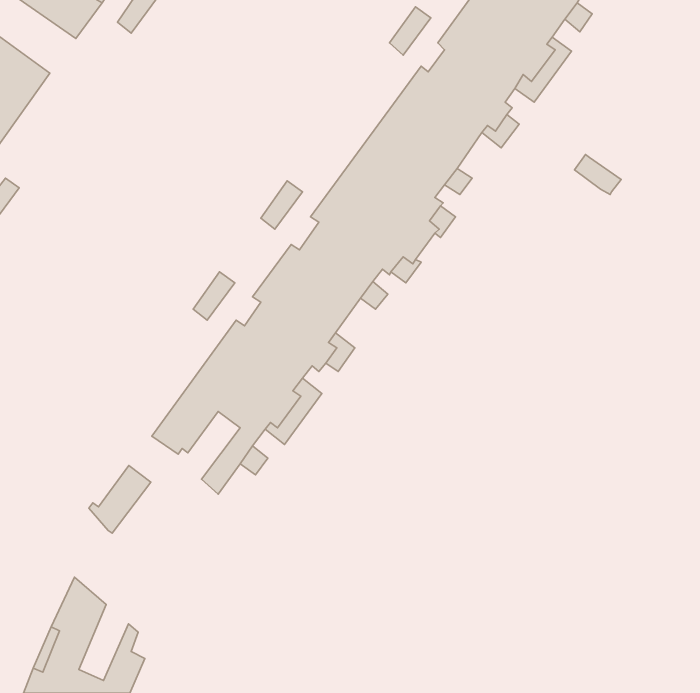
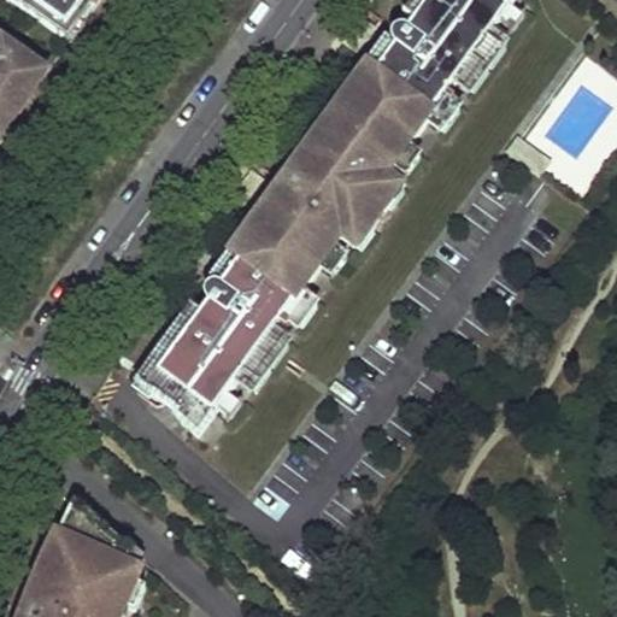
building: [89,466,151,533] -> [155,359,210,418]
building: none -> [69,528,112,594]

